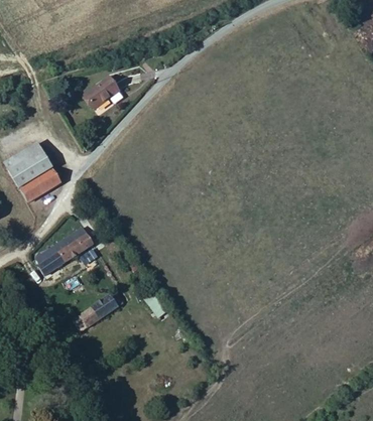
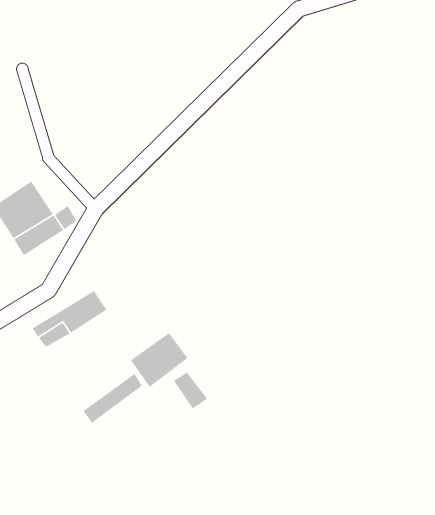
building: [77,79,111,111] -> none
building: none -> [130,332,189,388]

